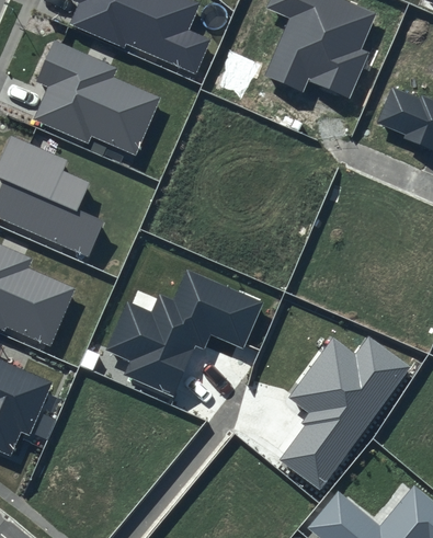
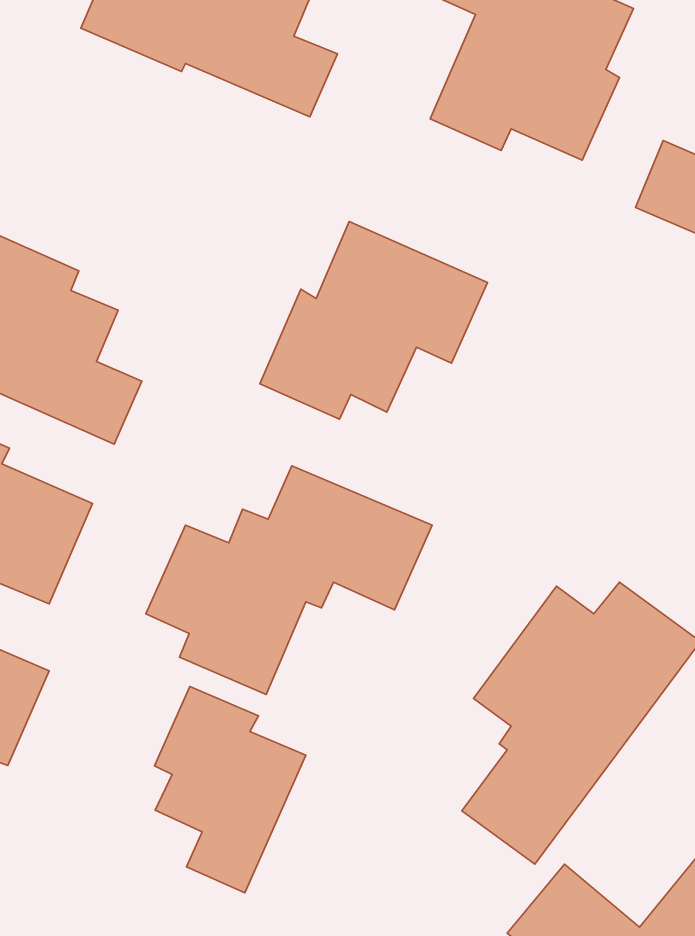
building: [32,42,161,156] -> none
building: none -> [260,221,487,419]
building: none -> [155,686,306,893]

